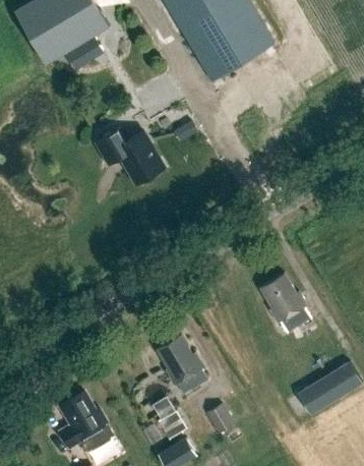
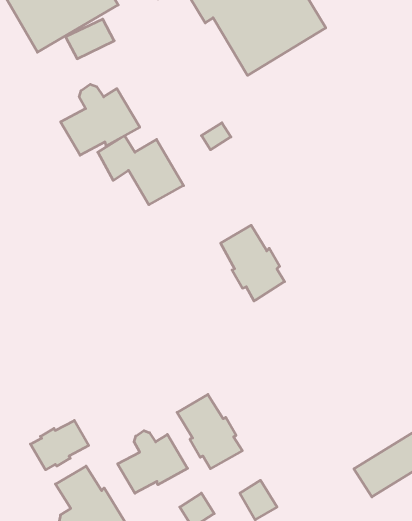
building: none -> [61,84,140,155]
building: [260,273,311,333] -> [221,225,285,301]
building: none -> [30,420,89,470]
building: none -> [118,431,188,493]

